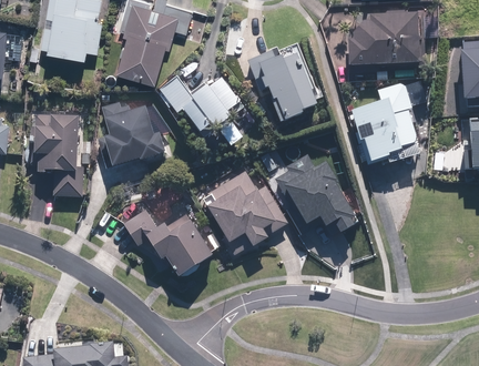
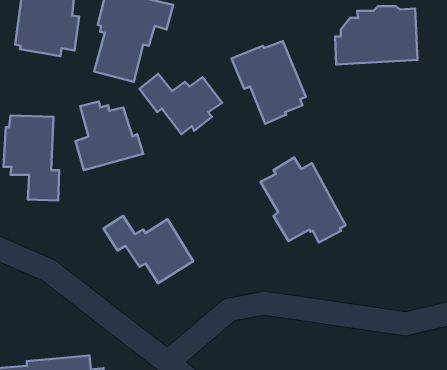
building: [350,85,419,164] -> none
building: [202,172,288,255] -> none

